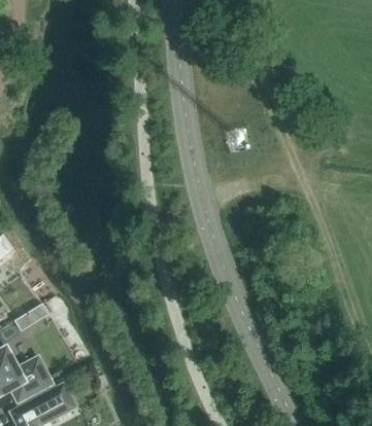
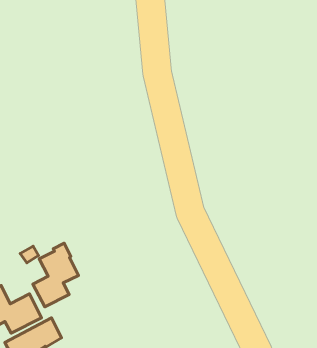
building: none -> [33,243,78,307]

